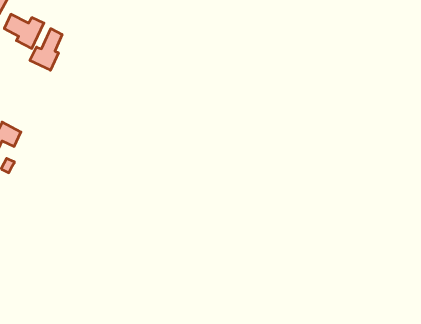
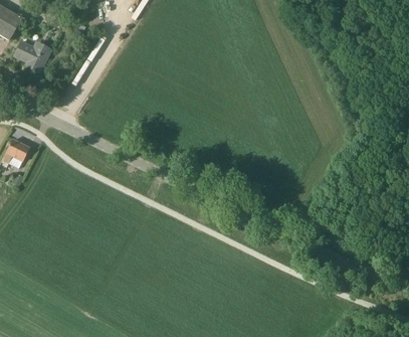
building: [30,29,62,70] -> none

